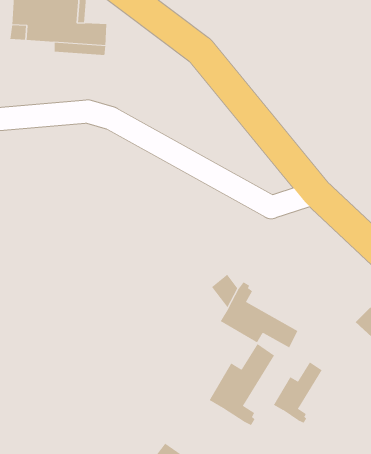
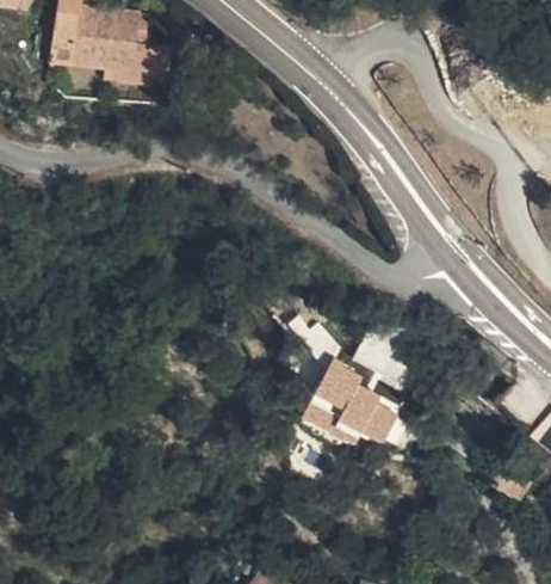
building: [209,343,275,426] -> none
building: [273,361,322,424] -> none

